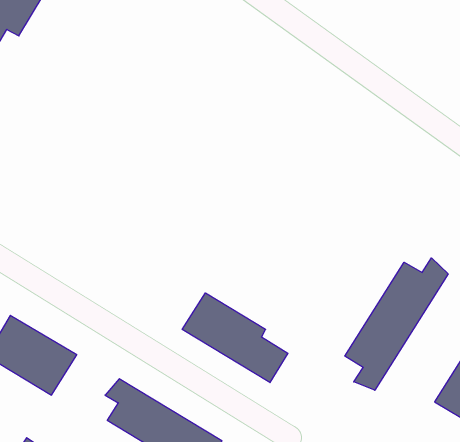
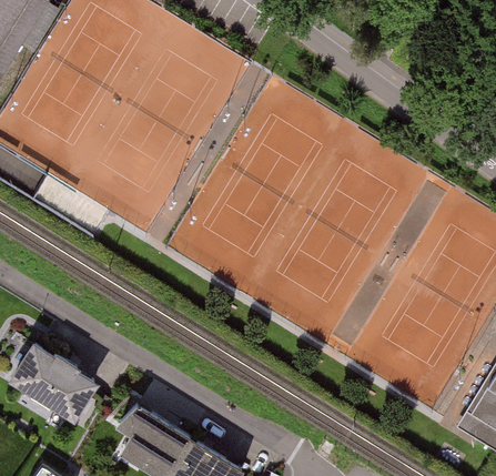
building: [345,258,448,390] -> none
building: [182,293,288,383] -> none

